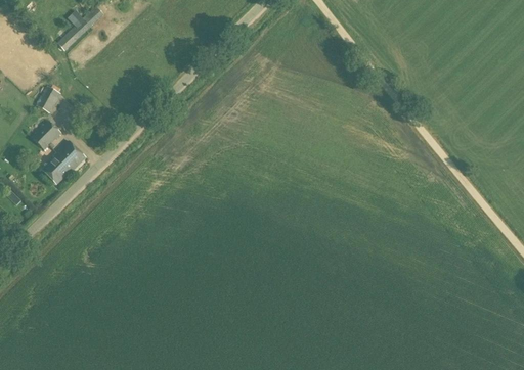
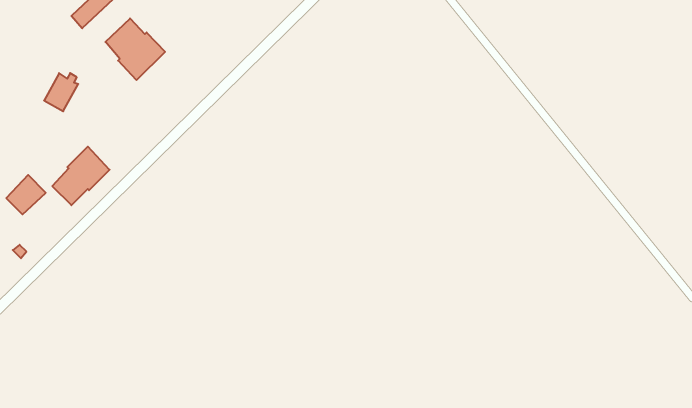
building: none -> [105,18,165,80]
building: [31,120,60,149] -> [6,175,46,214]

